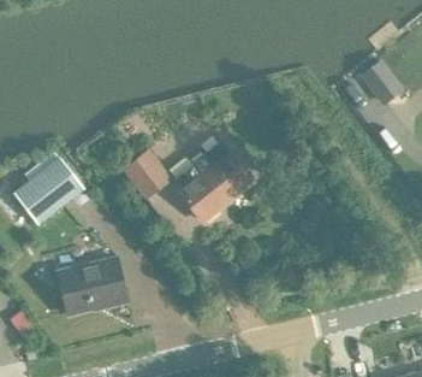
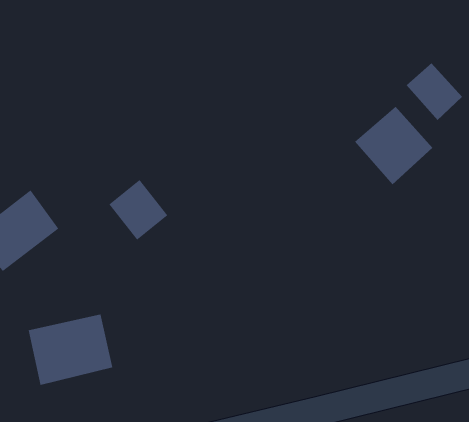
building: none -> [354,106,433,185]
building: [173,140,254,222] -> none

